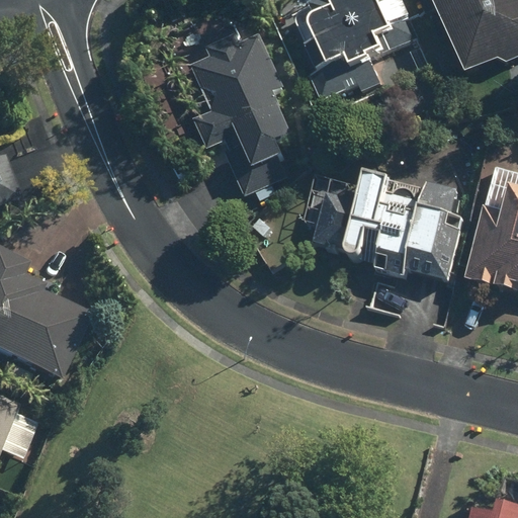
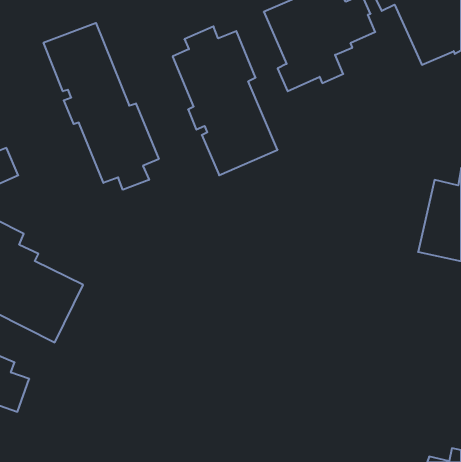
building: none -> [44,23,159,190]
building: [301,171,459,278] -> none

